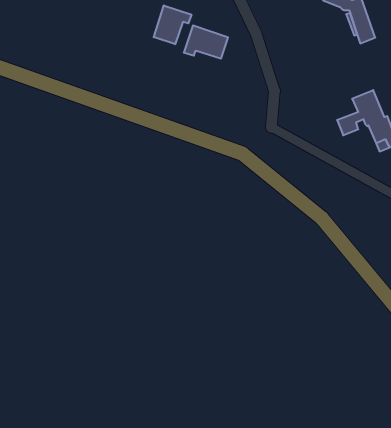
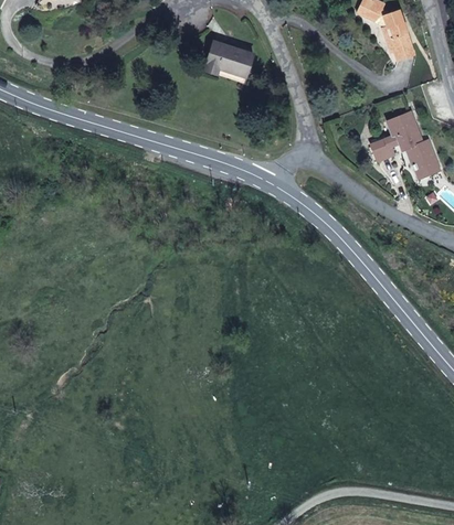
building: [154,5,191,44] -> none

